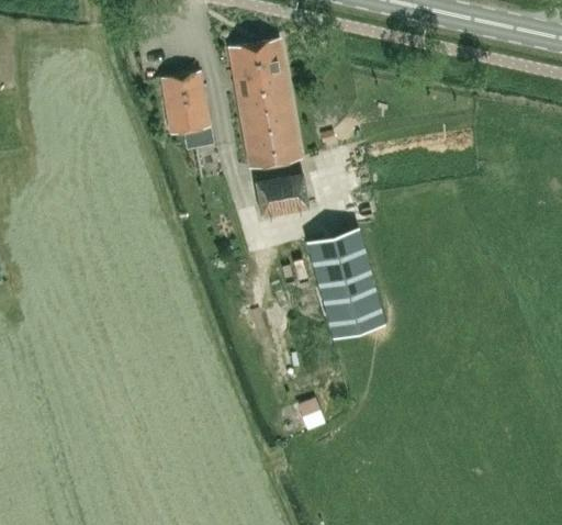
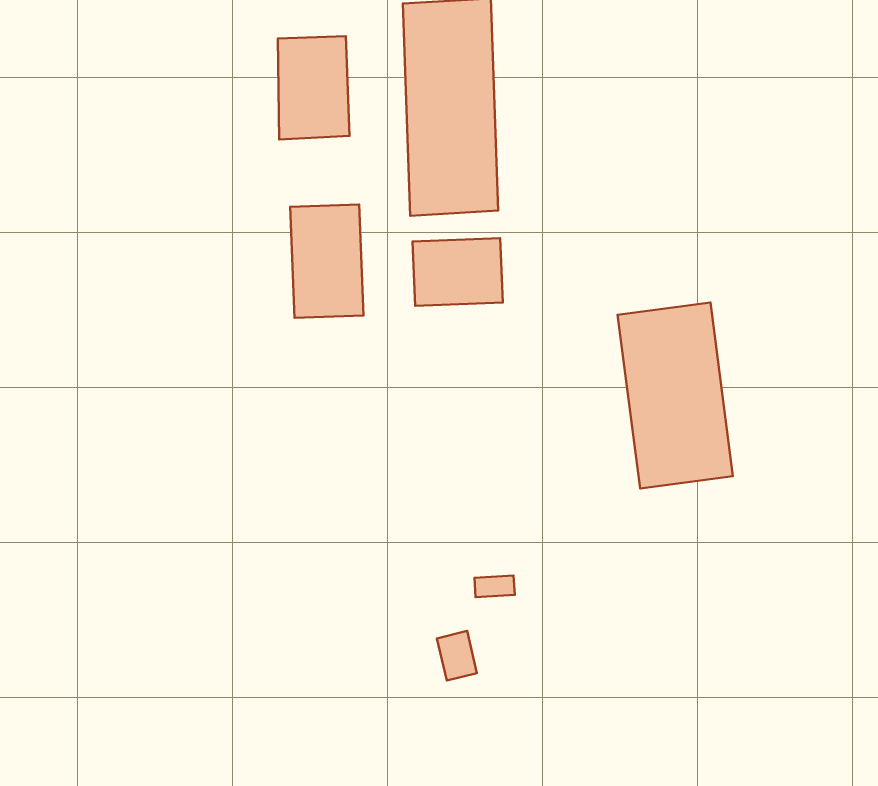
building: none -> [290,205,363,318]
building: [307,227,385,338] -> [618,303,733,489]

